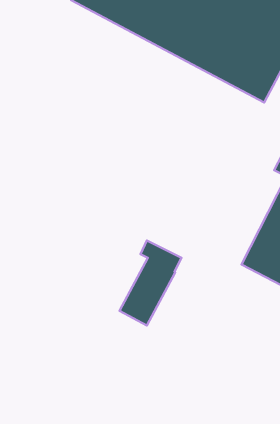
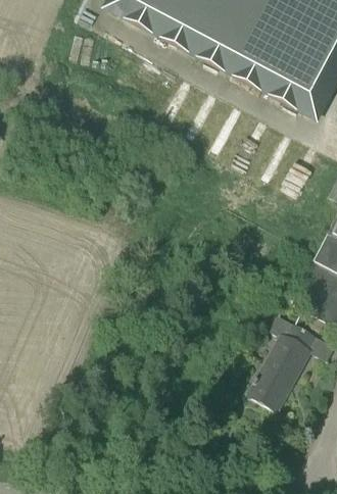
building: [119,240,182,326] -> [249,312,319,407]

